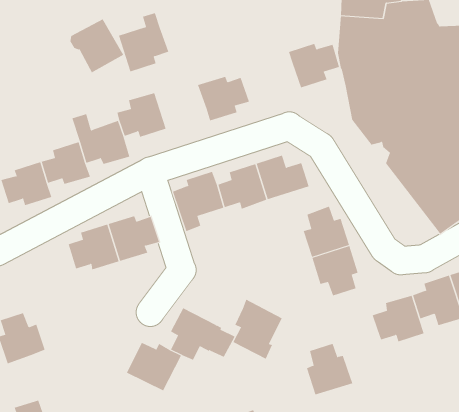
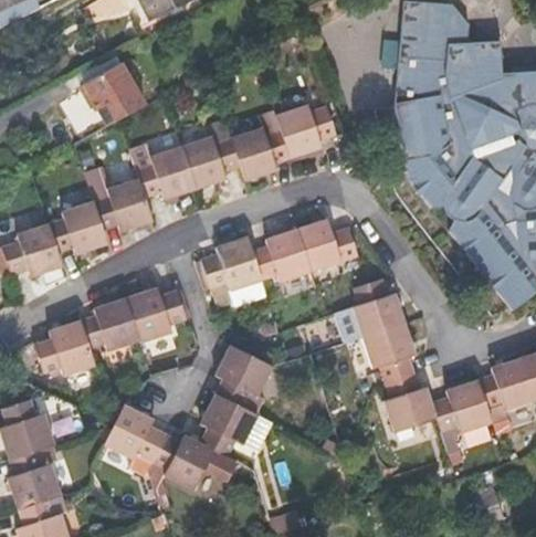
building: [118,13,169,72] -> [181,120,240,189]
building: [288,43,340,88] -> [276,106,336,158]
building: none -> [34,322,95,377]
building: [233,299,282,359] -> [213,345,271,414]
building: none -> [103,404,166,470]
building: [306,343,353,395] -> [382,372,437,432]
building: none -> [8,450,63,509]

